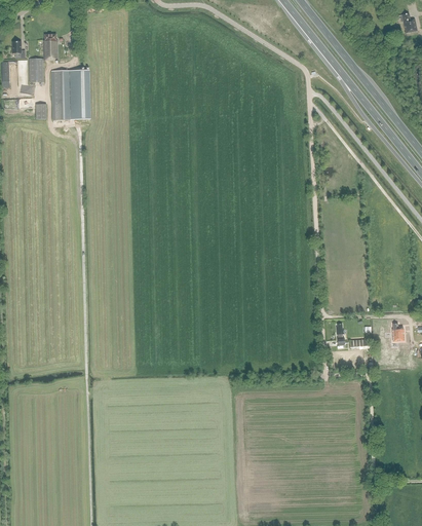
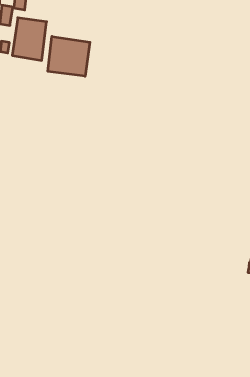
building: none -> [48,36,90,76]

